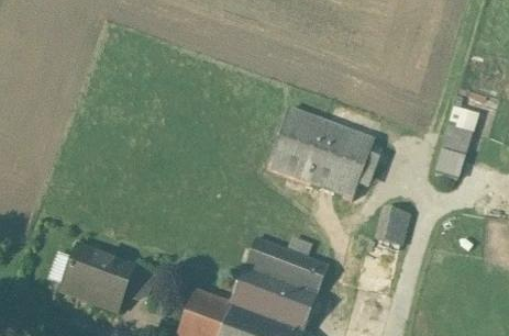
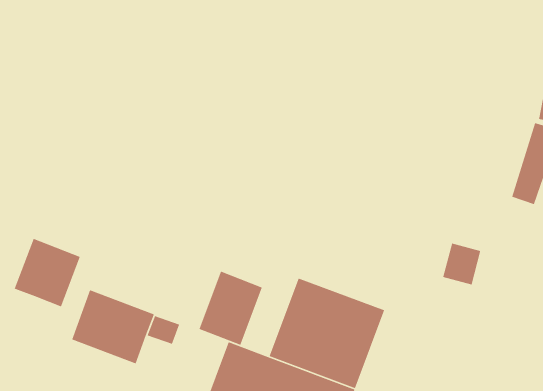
building: [267,108,375,198] -> none
building: none -> [14,238,81,308]
building: none -> [199,270,263,346]

